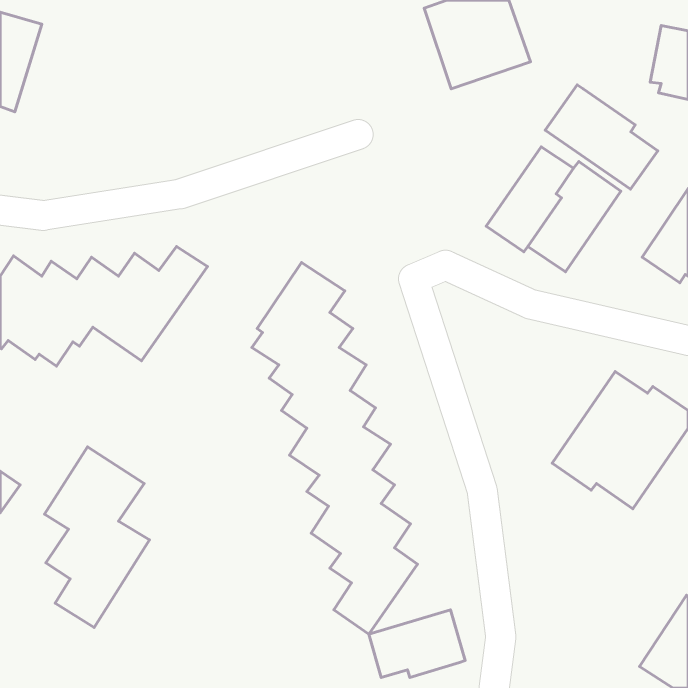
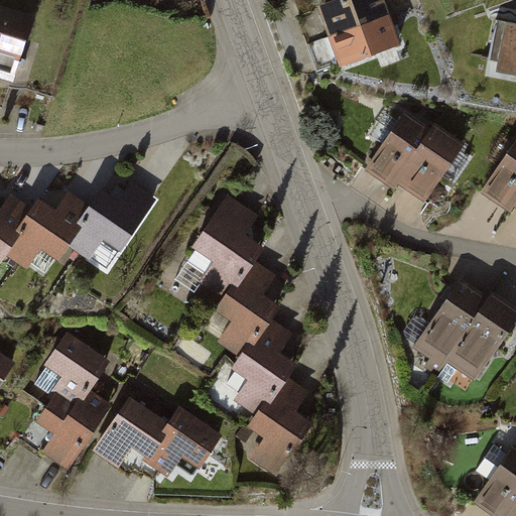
building: [545,85,658,189] -> none
building: none -> [92,399,222,482]
building: [369,610,465,678] -> none

